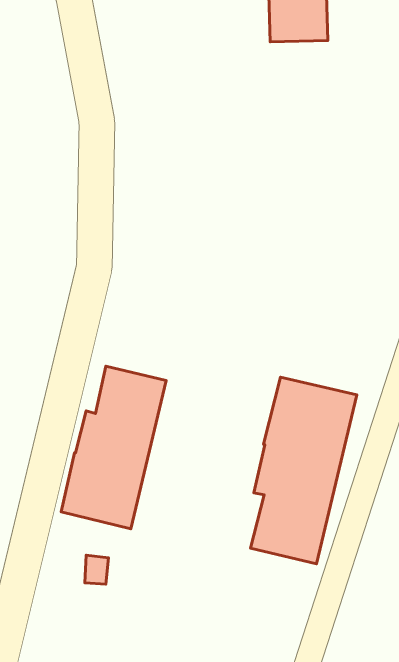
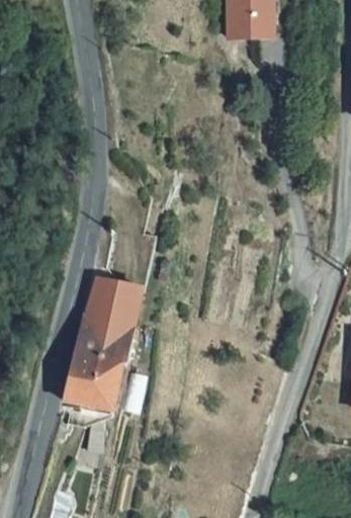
building: [250,377,357,564] -> none

